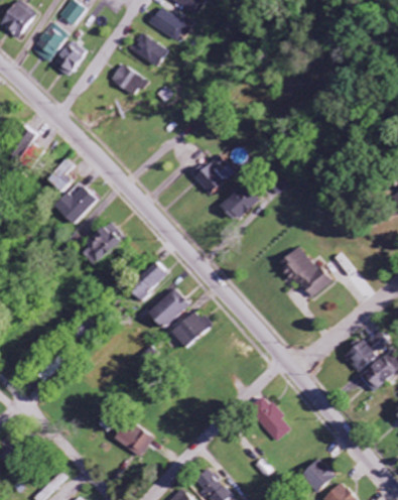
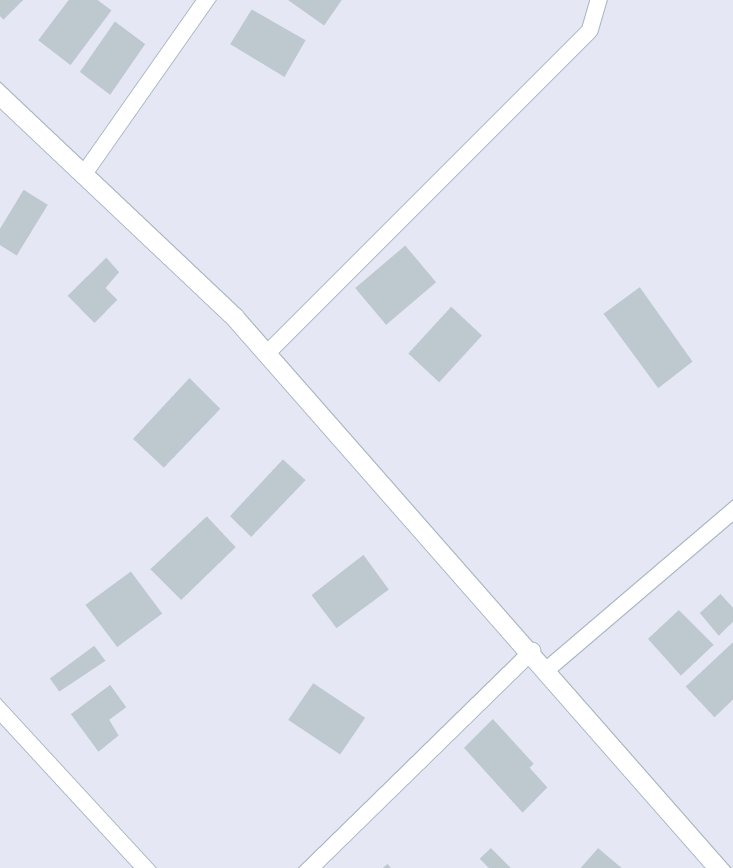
building: [109,62,146,97] -> none
building: [53,181,98,226] -> none
building: [283,245,329,297] -> [602,286,694,389]
building: [145,287,189,331] -> [149,516,237,601]
building: none -> [85,570,163,648]
building: none -> [70,684,127,753]
building: [113,419,153,457] -> [287,682,366,756]

